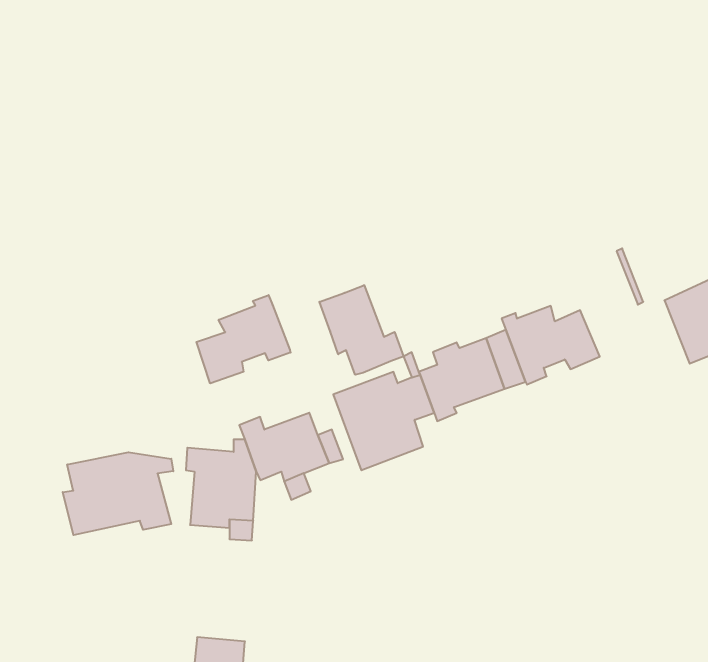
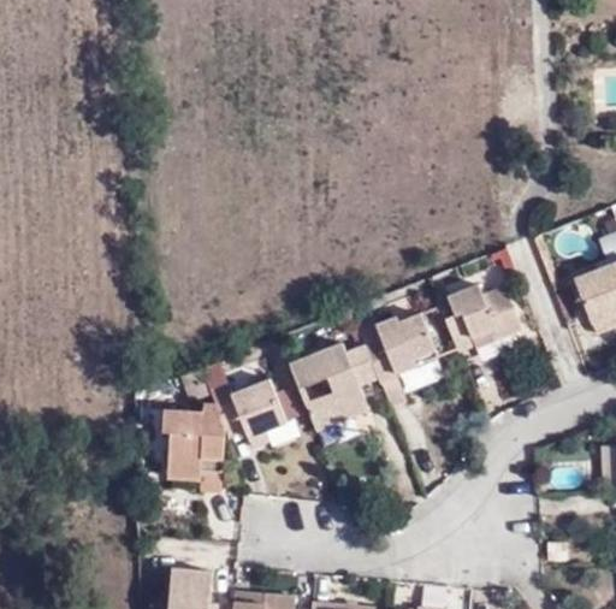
building: [319,285,403,375] -> none
building: [196,295,291,383] -> none
building: [63,452,173,535] -> none

